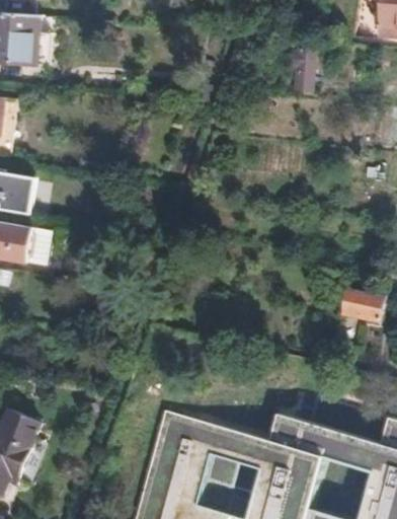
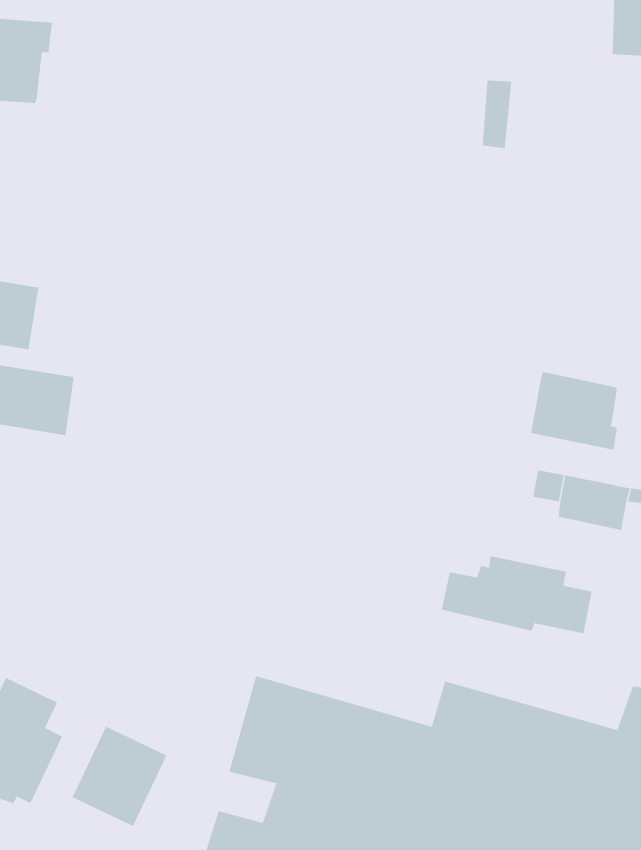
building: none -> [531,371,618,450]
building: none -> [441,556,592,634]
building: none -> [72,726,167,827]

